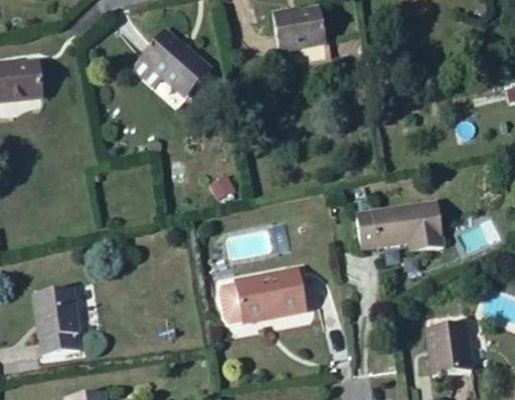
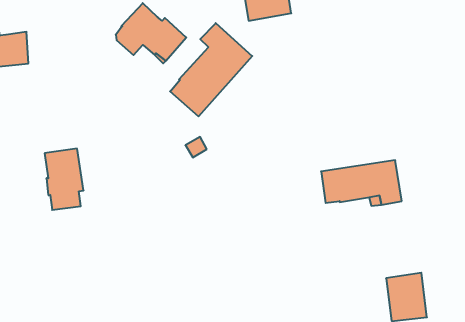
building: none -> [170,23,252,116]
building: [218,268,307,321] -> none
building: [36,288,78,355] -> [45,149,84,210]

